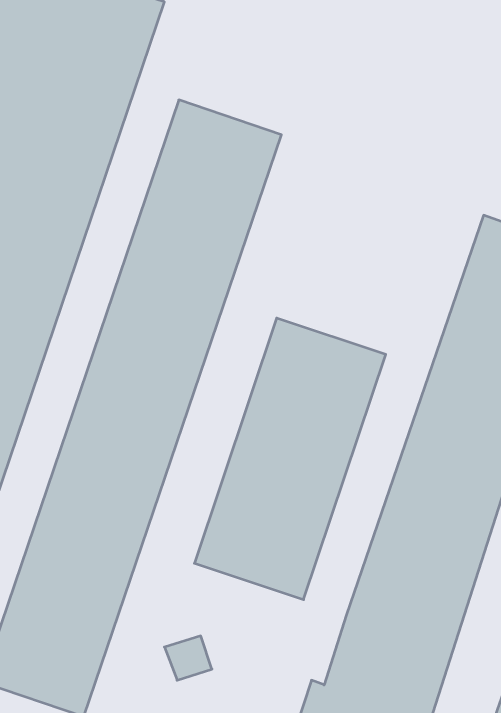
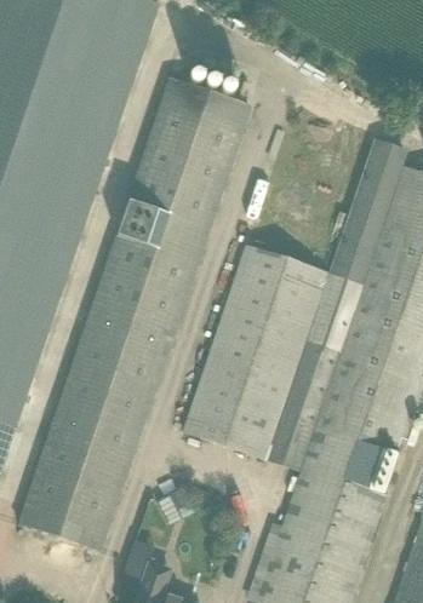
building: none -> [267,138,410,472]

